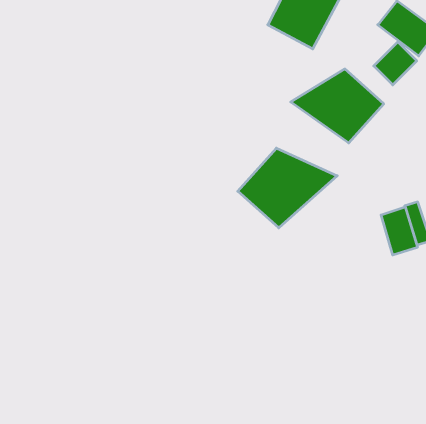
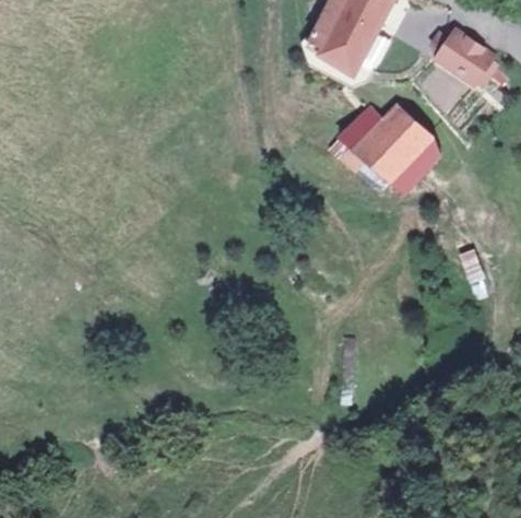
building: [238,148,337,228] -> none
building: [381,207,417,255] -> none

